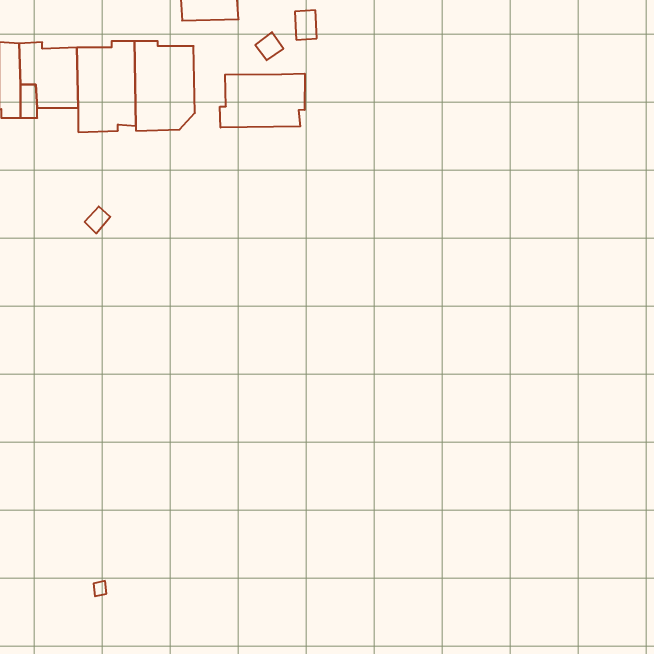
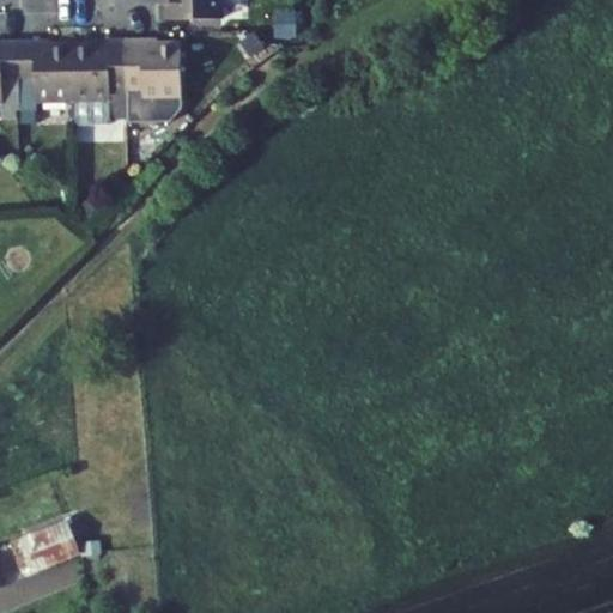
building: [220,74,305,128] -> none
building: none -> [24,520,79,569]

